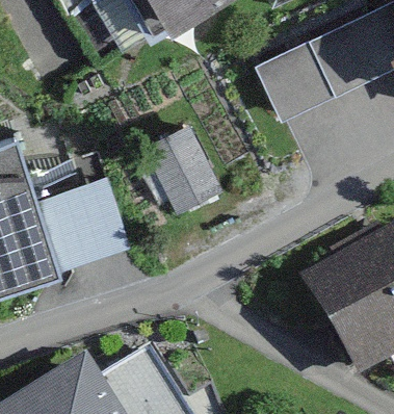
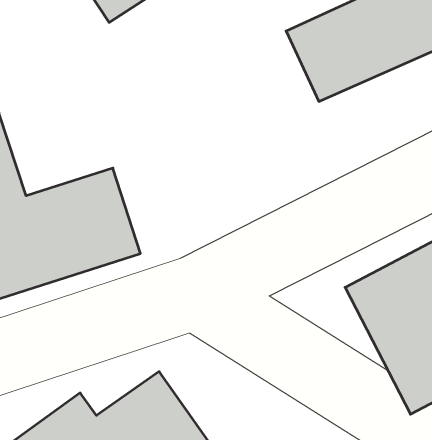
building: [143,125,222,216] -> none

